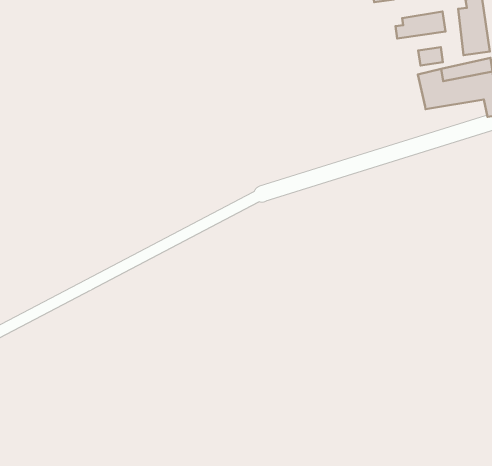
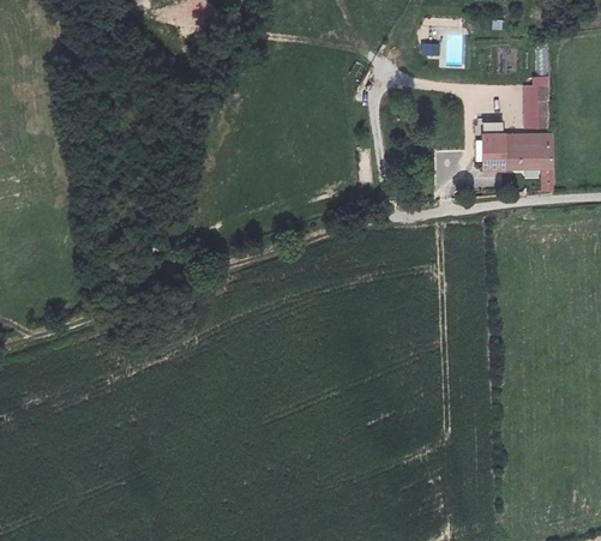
building: [395,11,446,39] -> none

